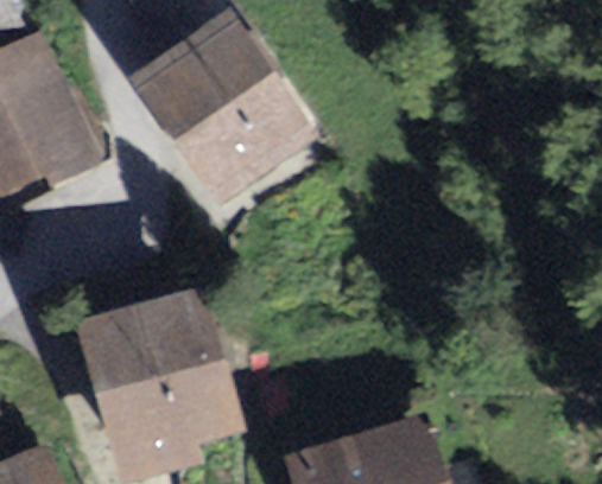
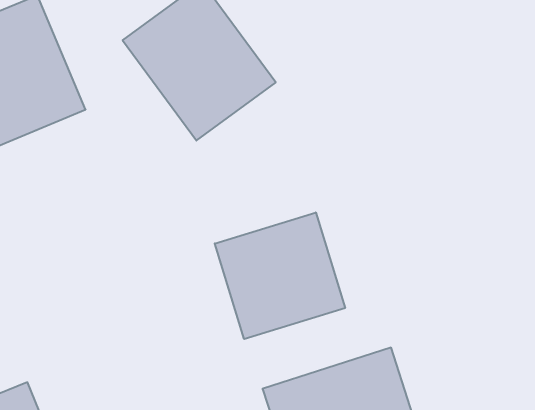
building: none -> [215,212,345,339]
building: [77,291,223,473] -> none

